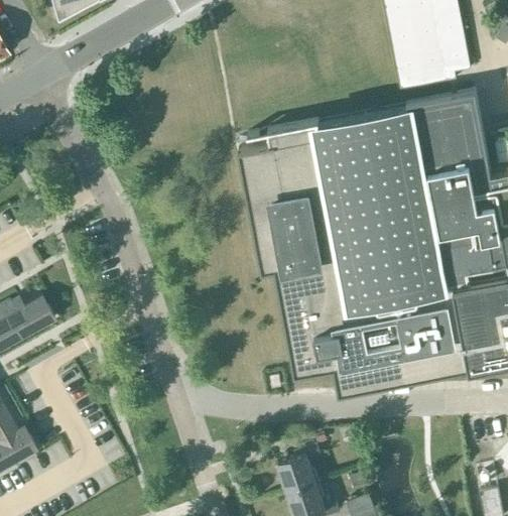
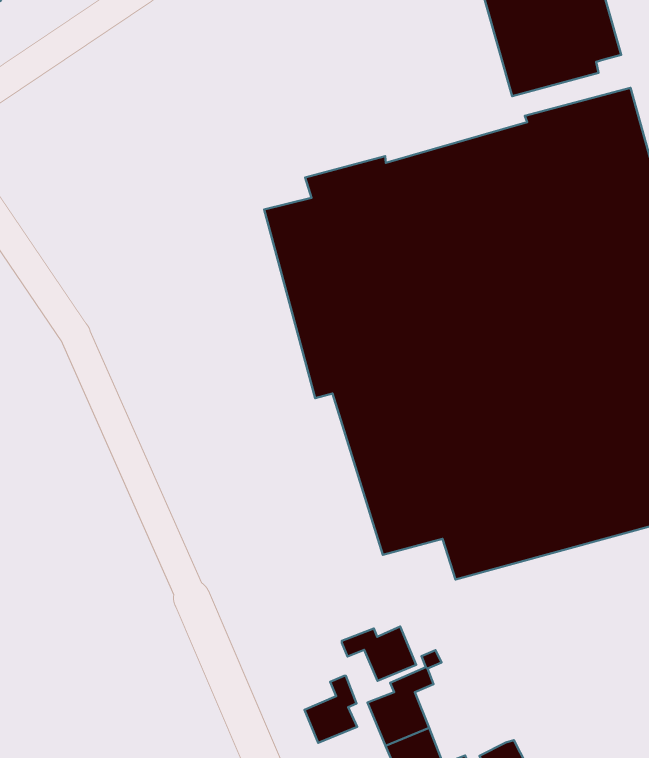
building: none -> [342,627,416,681]
building: none -> [304,676,357,743]

